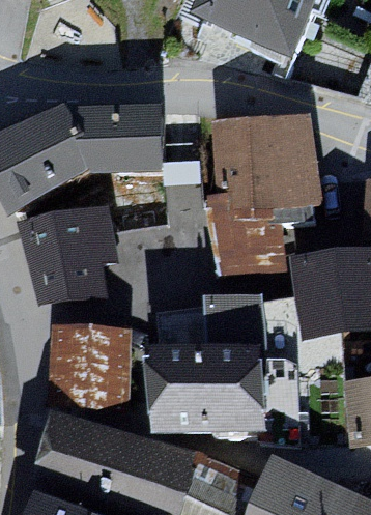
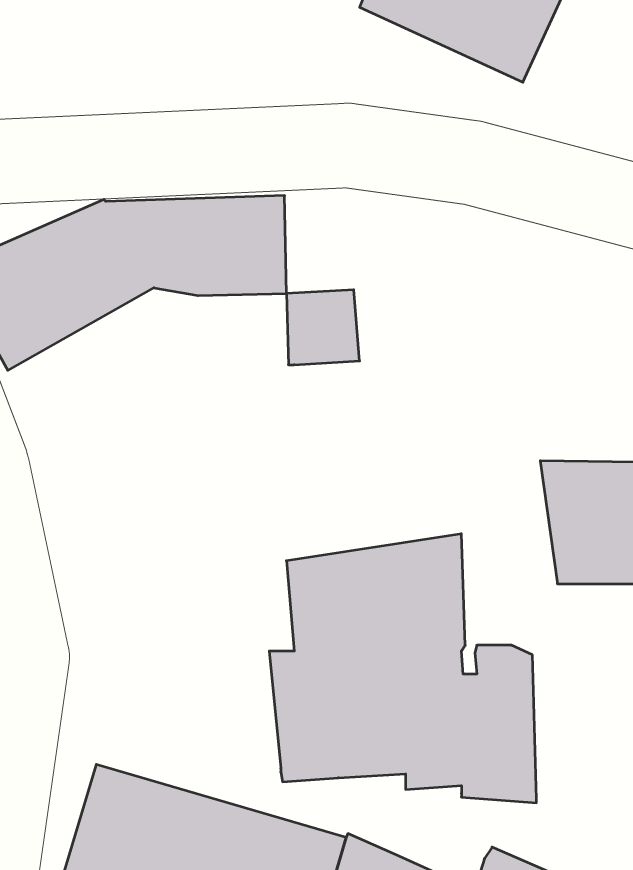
building: [209,132,314,268] -> none
building: [26,210,115,289] -> none
building: [56,331,126,401] -> none

